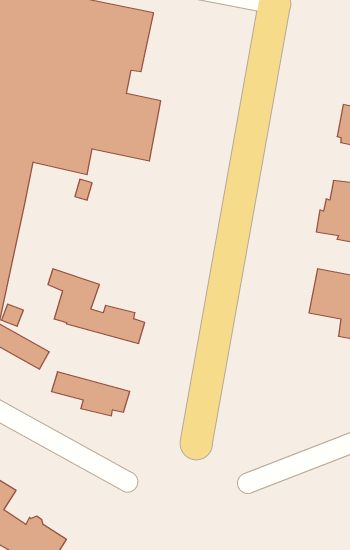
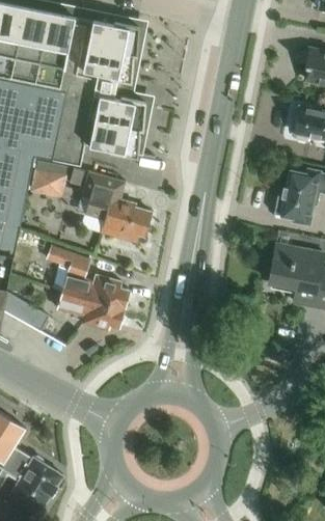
building: none -> [32,168,66,196]
building: none -> [82,172,152,244]
building: [51,372,130,416] -> [58,292,125,329]

